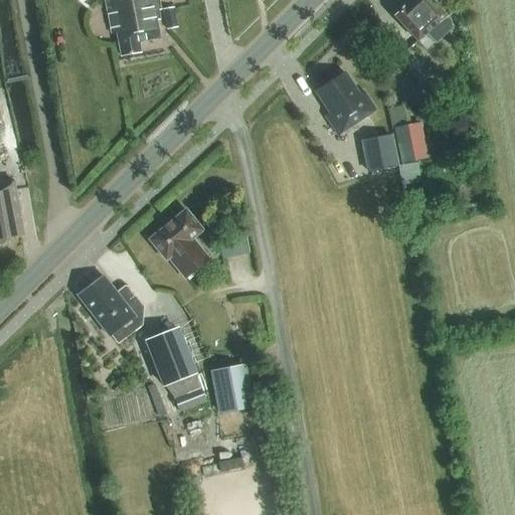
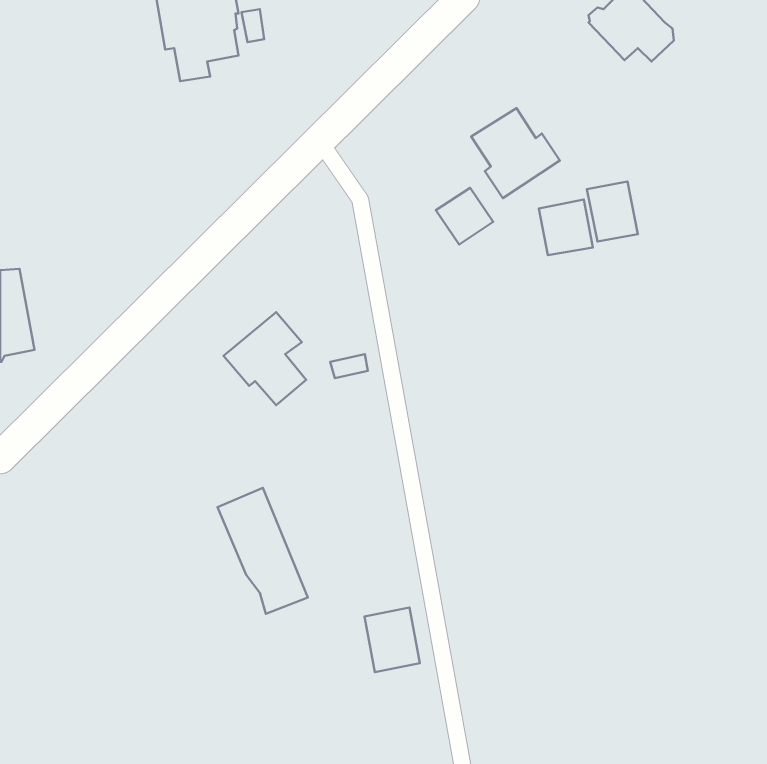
building: none -> [436,188,493,244]
building: [77,275,145,345] -> none
building: [213,366,250,409] -> [364,608,420,672]

